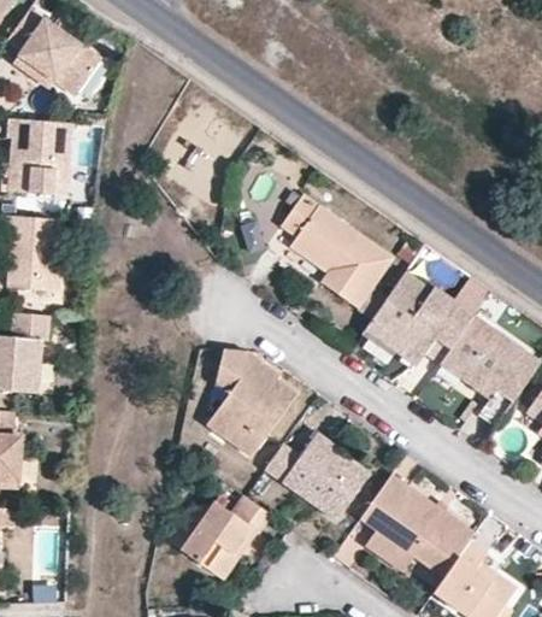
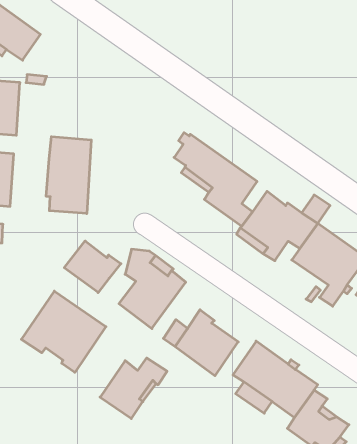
building: none -> [46,137,91,214]
building: none -> [64,241,121,293]
building: none -> [21,291,106,372]

